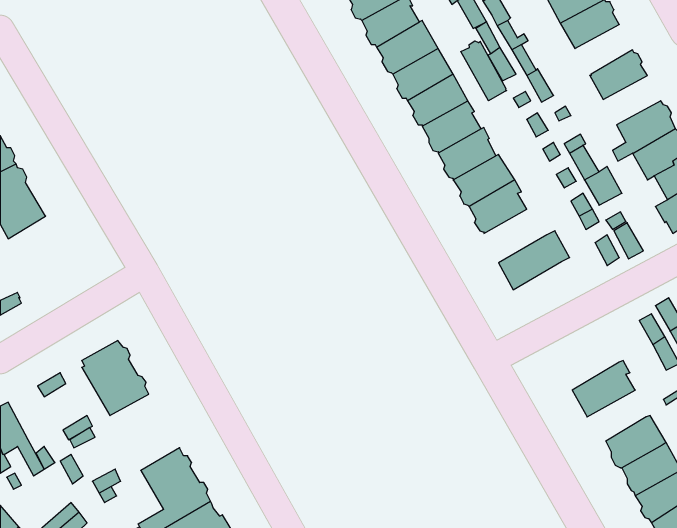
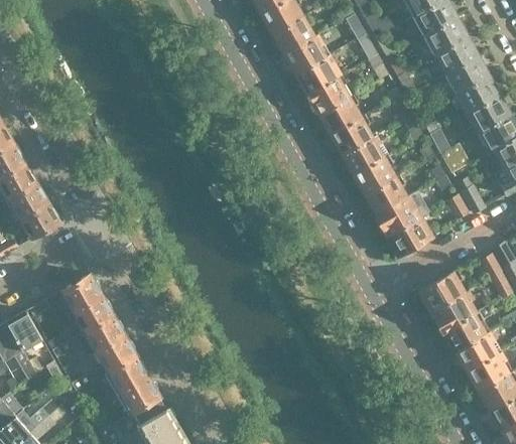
building: none -> [433,37,477,76]
building: [461,41,507,101] -> none
building: none -> [455,76,498,113]
building: none -> [365,175,412,216]
building: none -> [7,181,59,239]
building: none -> [387,215,436,257]
building: none -> [419,270,467,312]
building: none -> [442,308,491,350]
building: none -> [7,311,42,349]
building: none -> [78,315,136,373]

